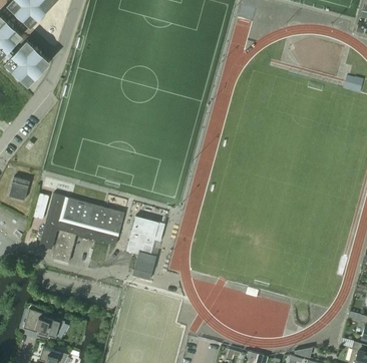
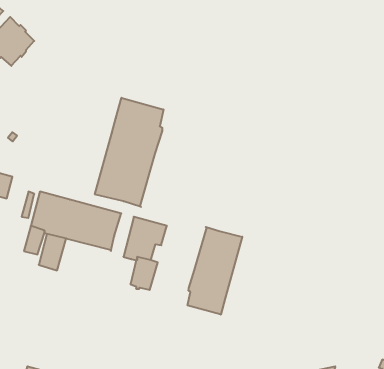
building: none -> [95,98,163,207]
building: none -> [188,227,242,315]
building: [23,310,65,339] -> none

